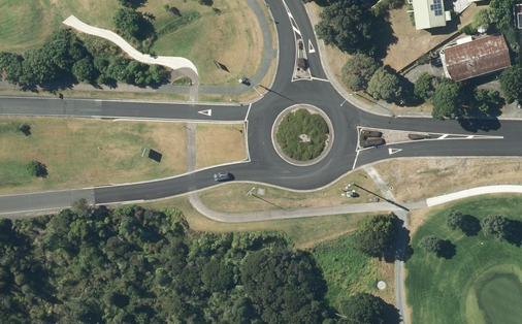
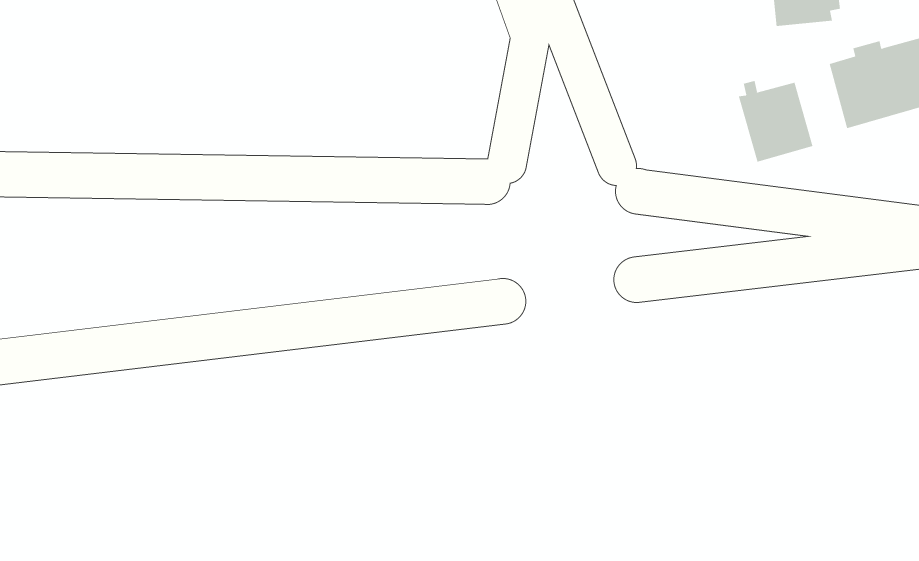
building: none -> [738,80,813,163]

